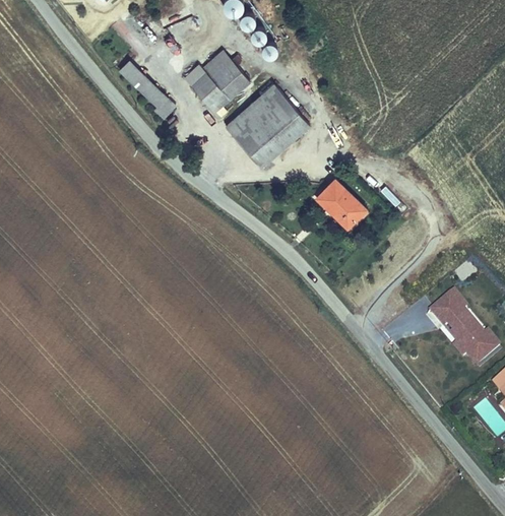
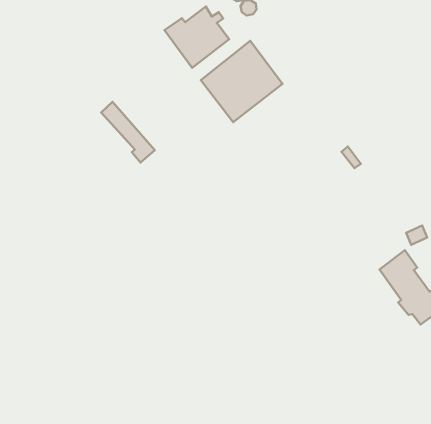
building: [118,59,178,121] -> [101,102,155,163]
building: [313,177,369,231] -> none

